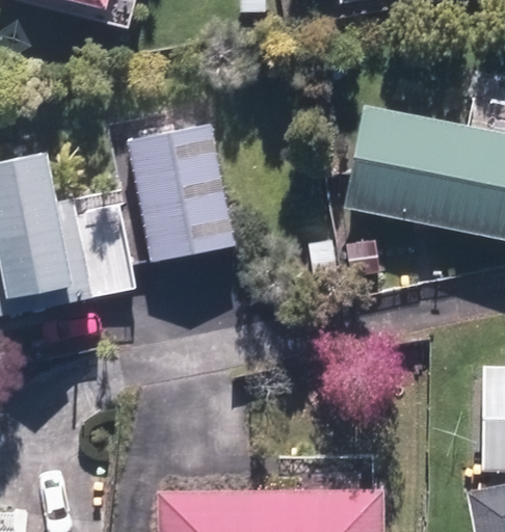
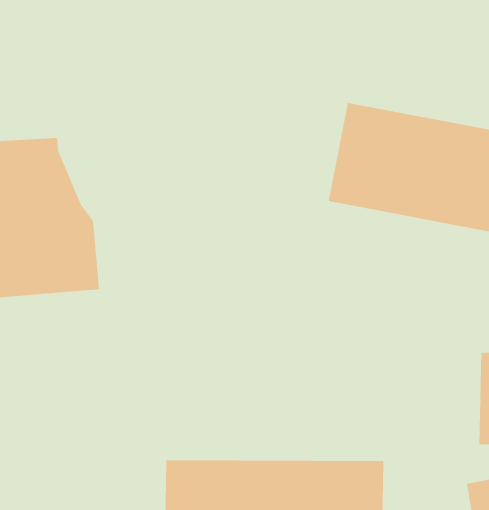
building: [142,128,241,255] -> none

